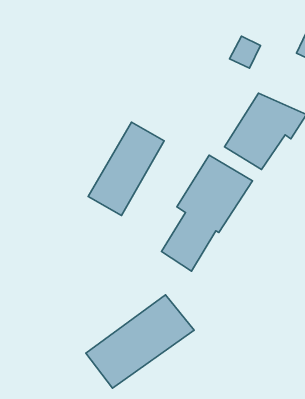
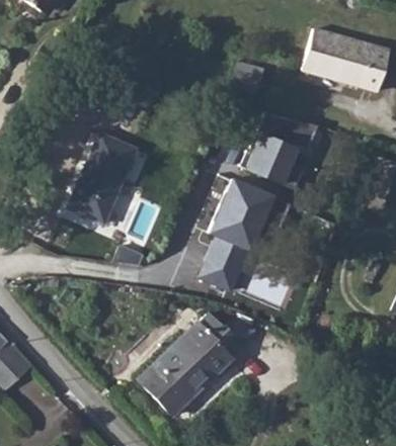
building: [88,122,164,216] -> [70,132,134,222]

